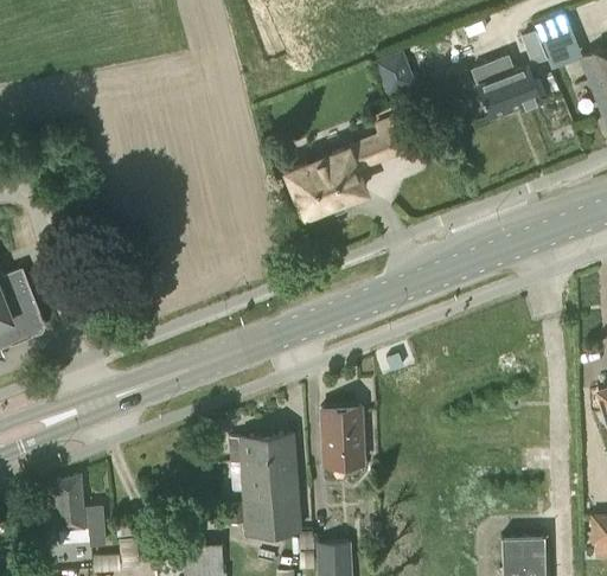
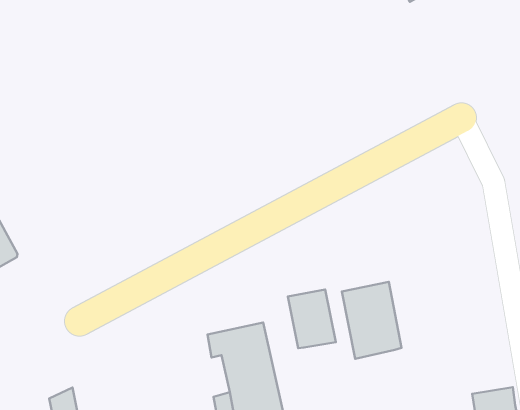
building: [287,122,402,216] -> none
building: none -> [342,282,402,359]

